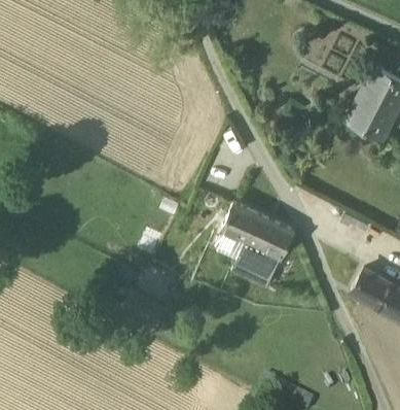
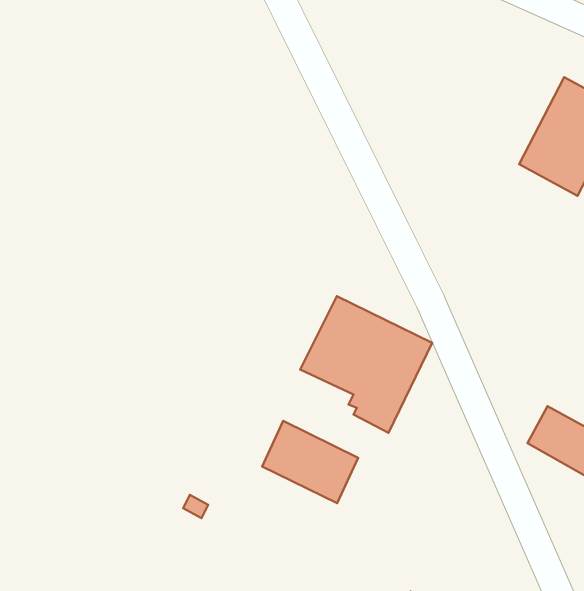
building: none -> [262,421,358,503]

